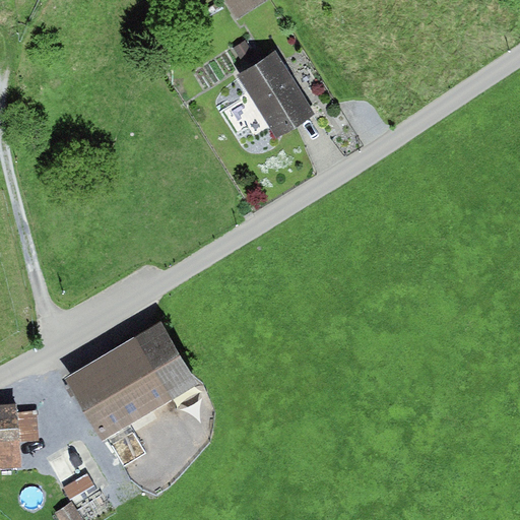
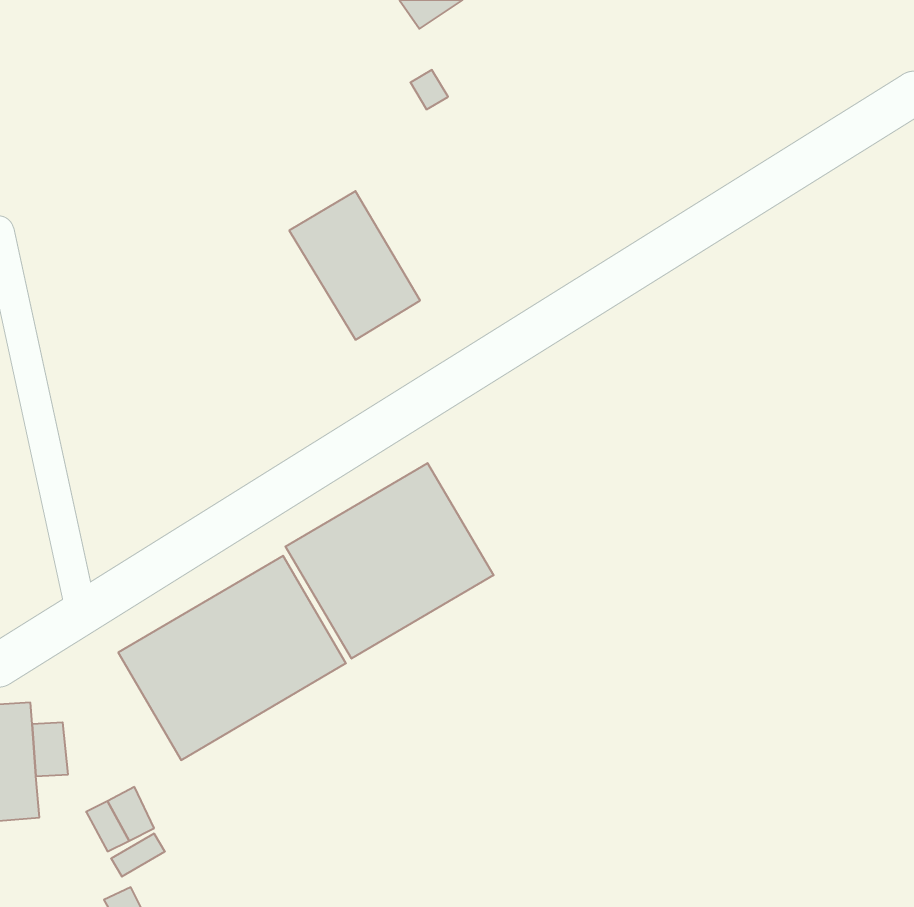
building: [238,52,312,136] -> [289,191,420,340]
building: none -> [285,463,494,659]

